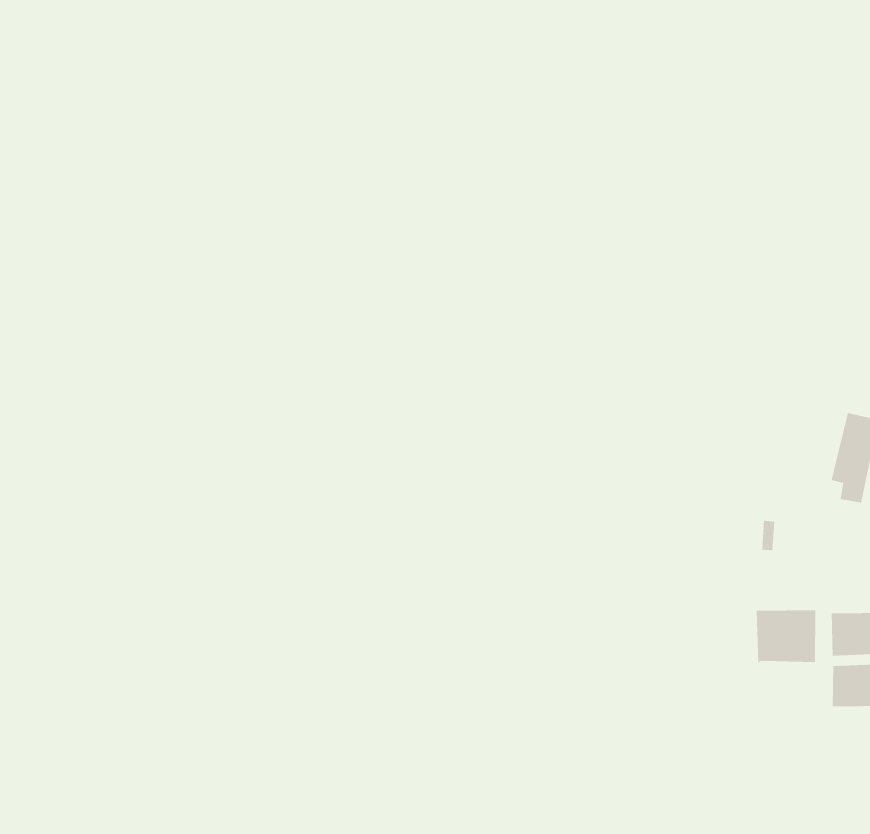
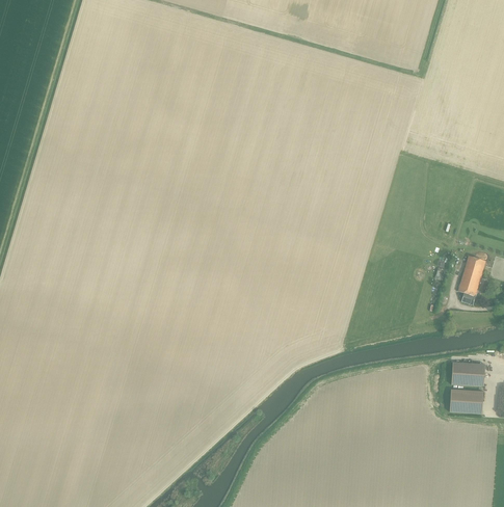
building: [756,609,816,664] -> none

